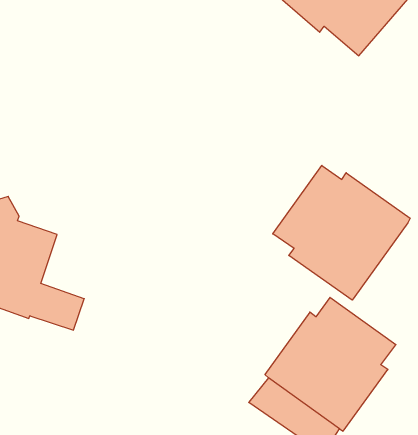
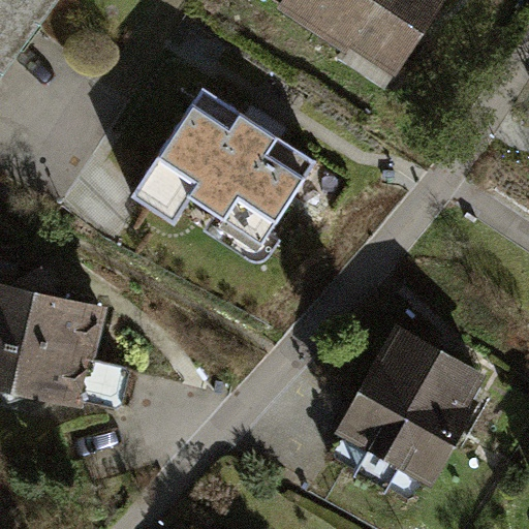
building: none -> [145,97,315,242]
building: [273,165,410,300] -> none

